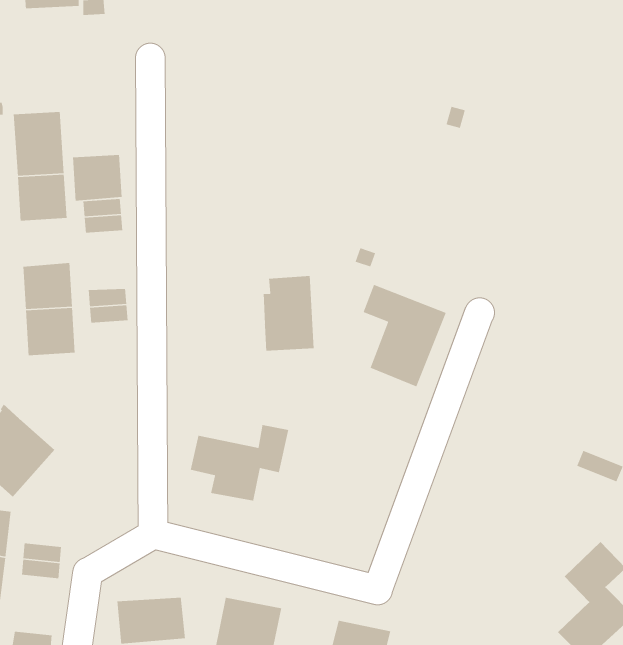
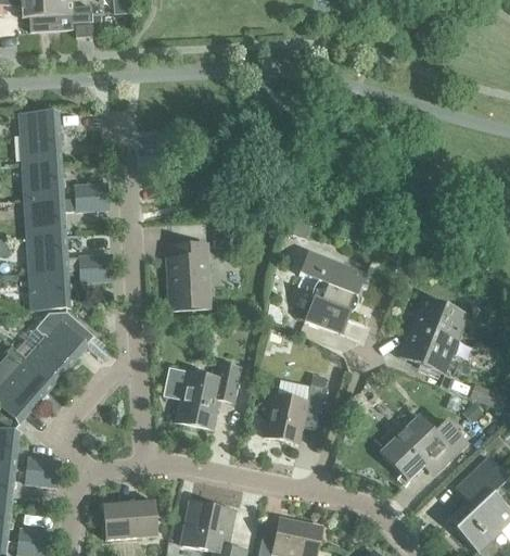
building: [72,154,122,202] -> [25,199,65,237]
building: [263,275,314,352] -> [167,244,208,305]
building: none -> [407,295,468,374]
building: none -> [15,312,95,383]
building: none -> [264,384,323,443]
building: none -> [382,417,466,478]

